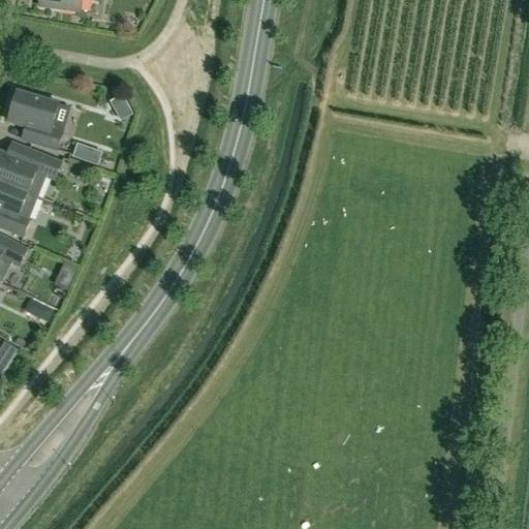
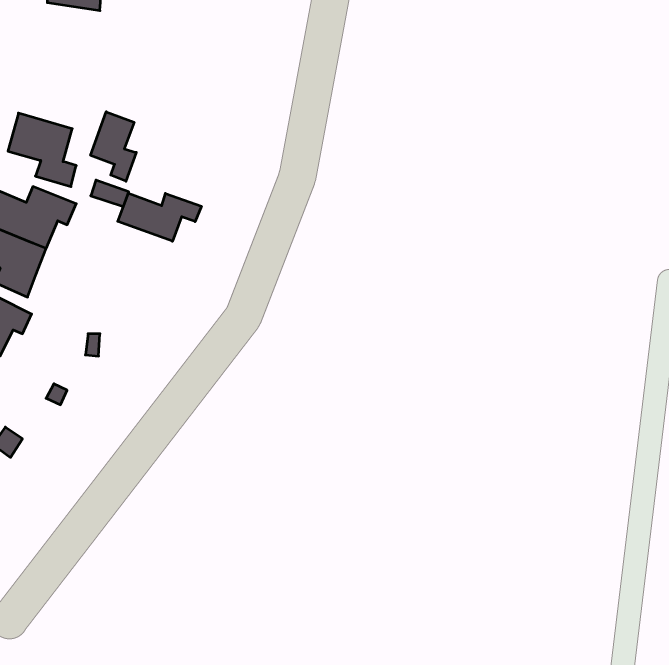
building: none -> [91,112,136,181]
building: none -> [118,193,201,241]

